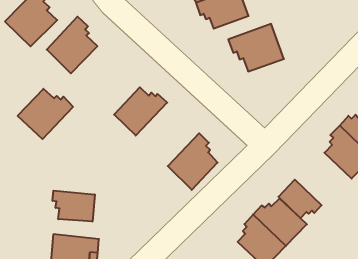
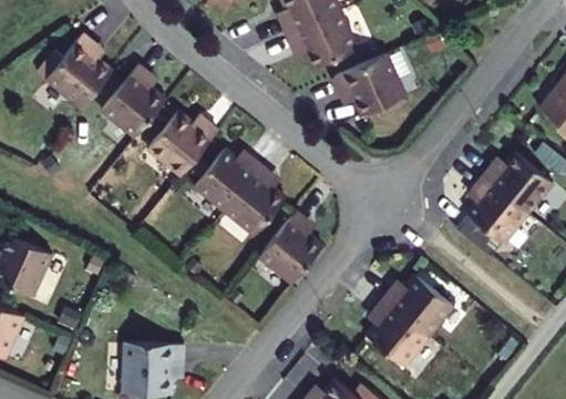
building: [18,89,73,139] -> [147,110,217,174]
building: none -> [224,164,285,234]
building: [278,180,322,218] -> none
building: [53,191,95,222] -> none

